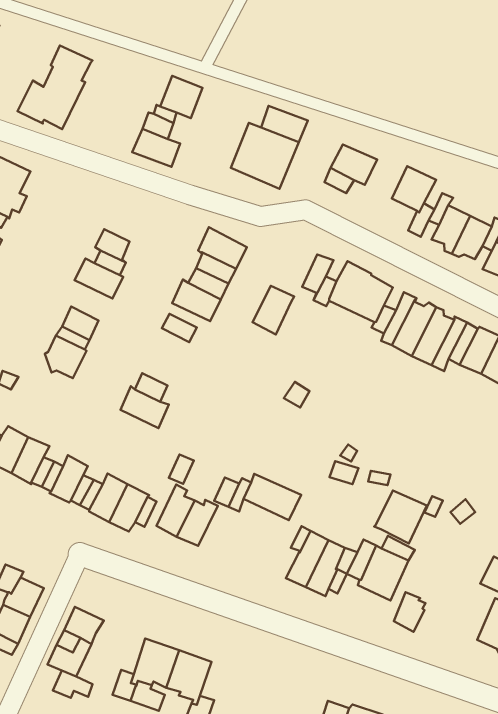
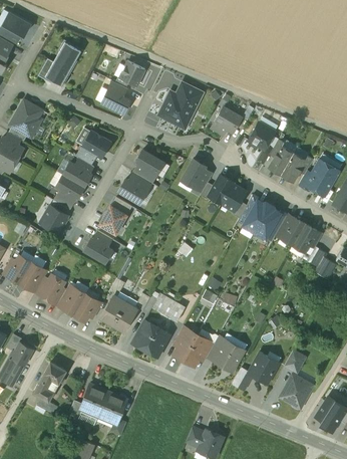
building: none -> [82,132,110,158]
building: none -> [56,175,84,200]
building: [252,286,294,334] -> [181,160,206,188]
building: none -> [99,206,126,234]
building: [374,490,427,543] -> [248,353,279,384]
building: none -> [131,320,168,356]

